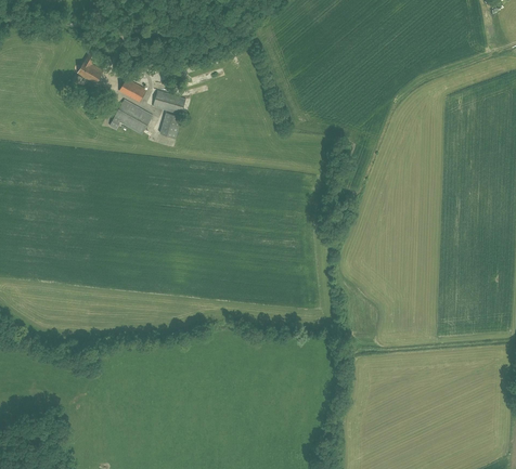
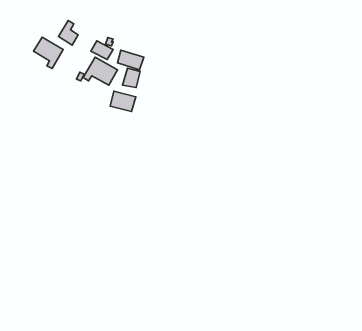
building: none -> [34,37,63,69]
building: none -> [110,91,136,111]

